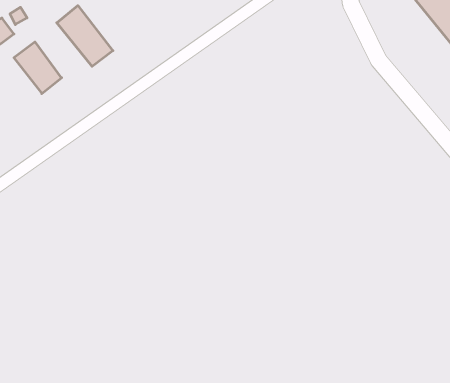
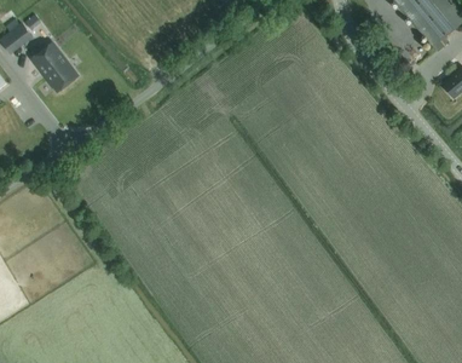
building: [57,6,113,66] -> none

